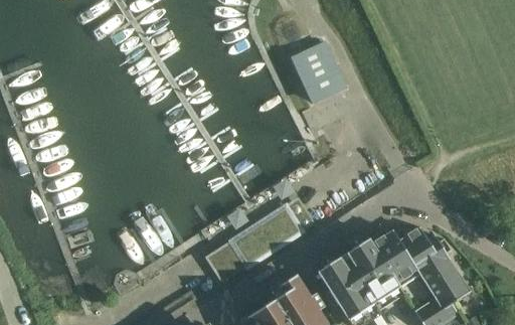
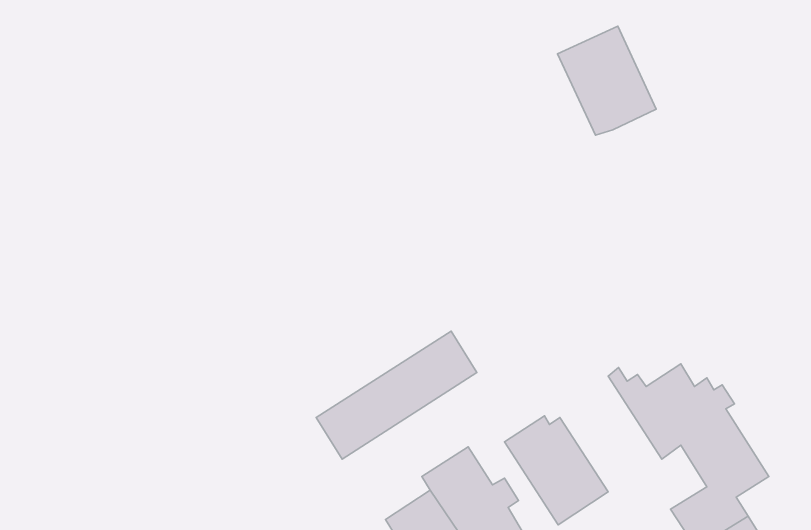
building: [290,41,347,105] -> [558,26,656,135]
building: [346,233,408,301] -> none

